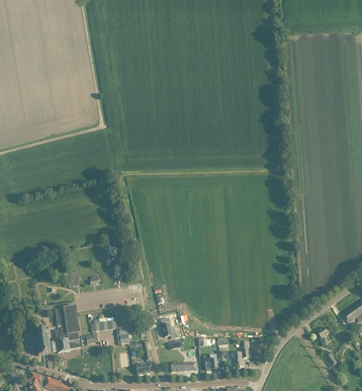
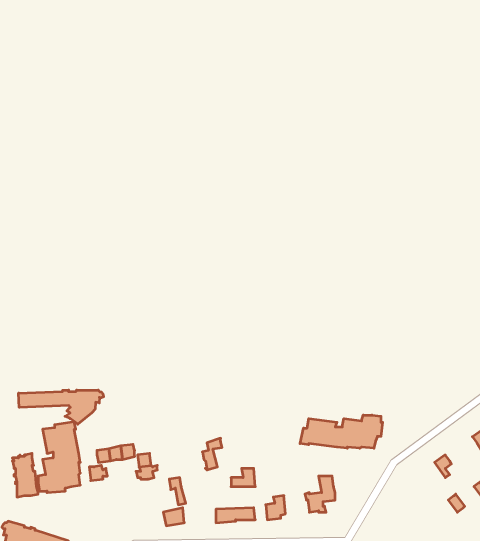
building: none -> [19,390,104,424]
building: none -> [300,415,383,448]

